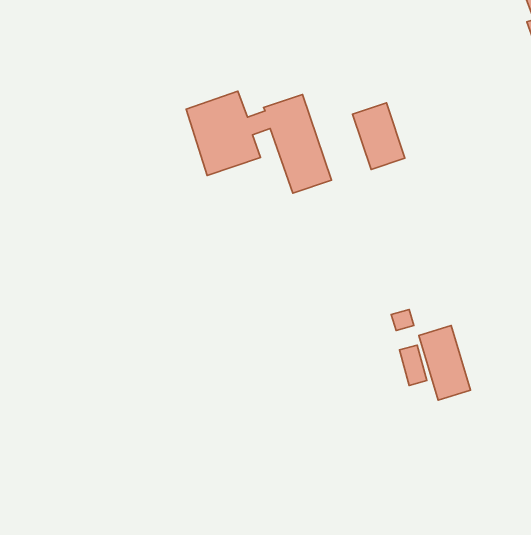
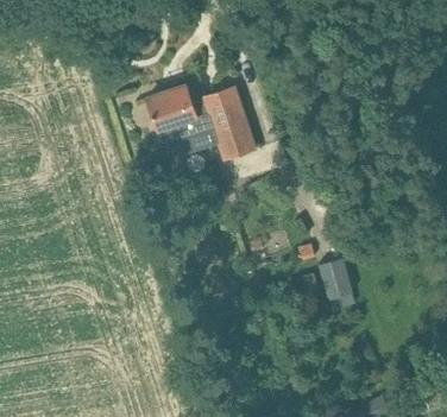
building: [353,103,405,170] -> none

